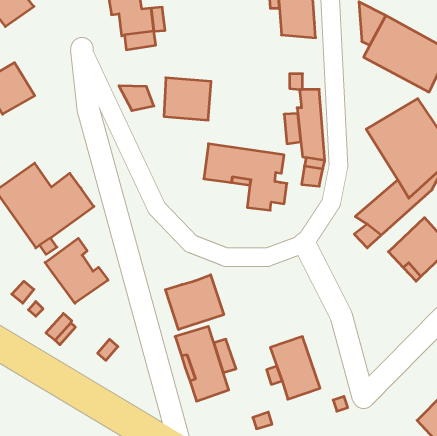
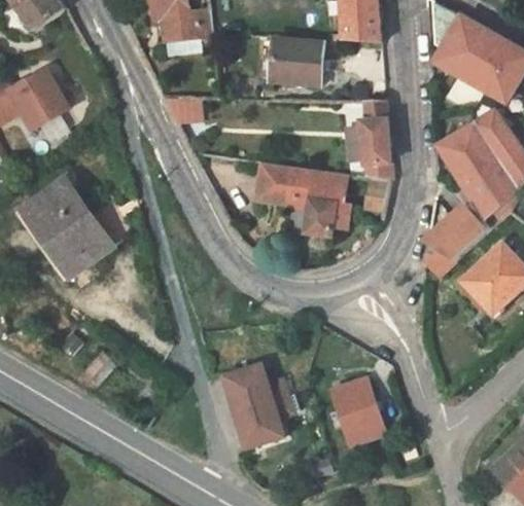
building: [164,78,211,120] -> [270,38,322,85]
building: [45,238,108,303] -> none
building: [165,275,224,330] -> none

